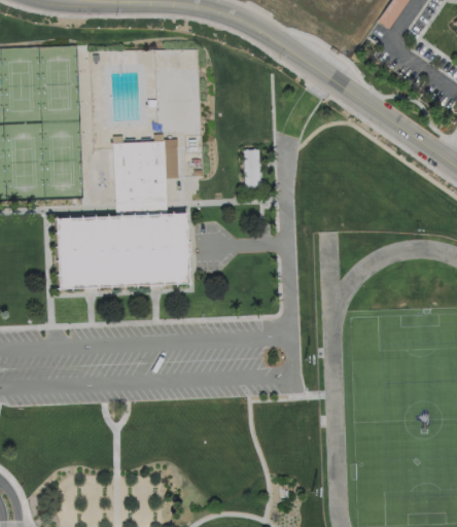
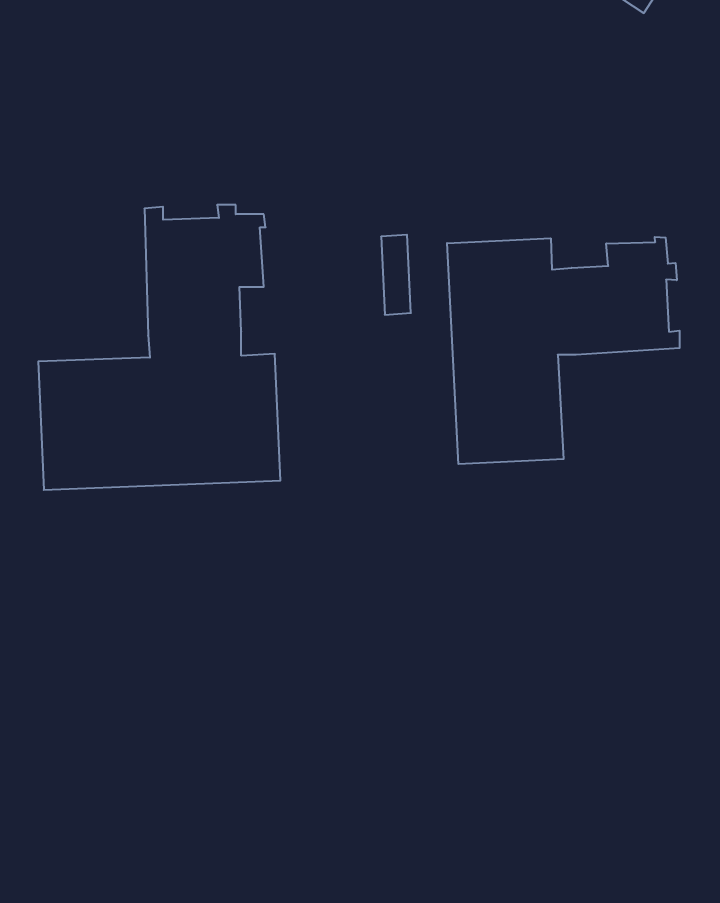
building: none -> [447,237,680,464]

